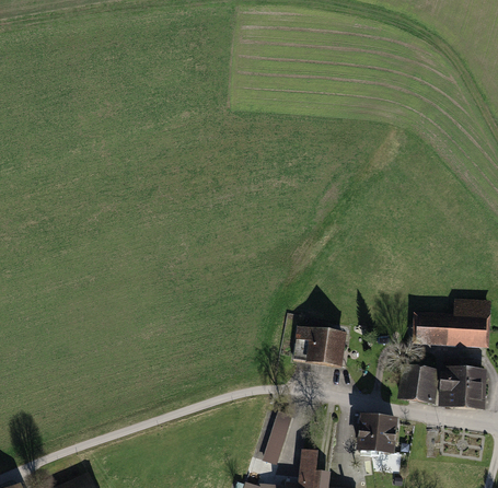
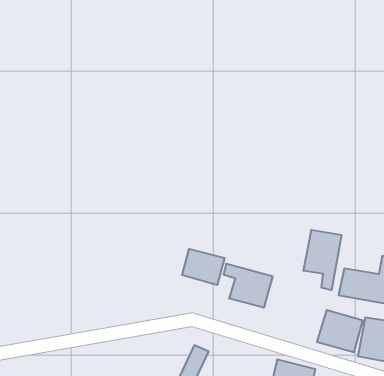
building: none -> [304,230,341,290]
building: none -> [182,249,225,285]

